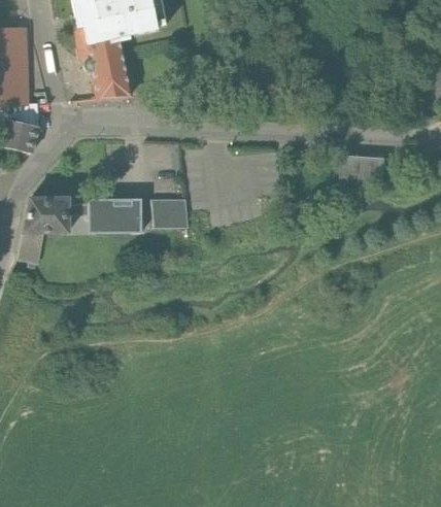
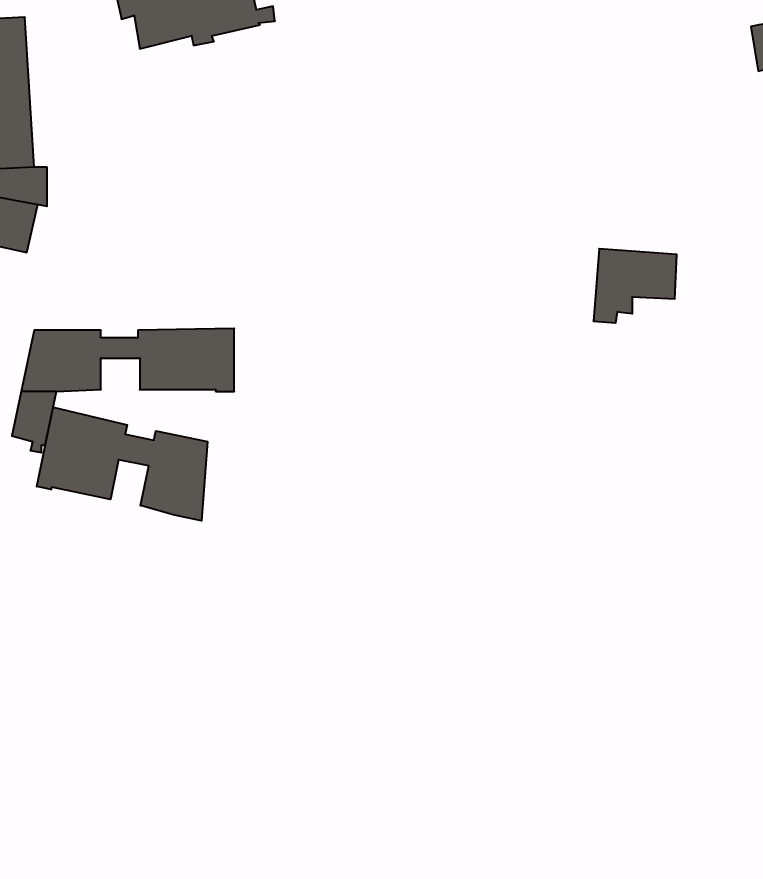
building: [77,24,133,97] -> none
building: [152,198,191,227] -> none
building: none -> [37,407,208,521]

